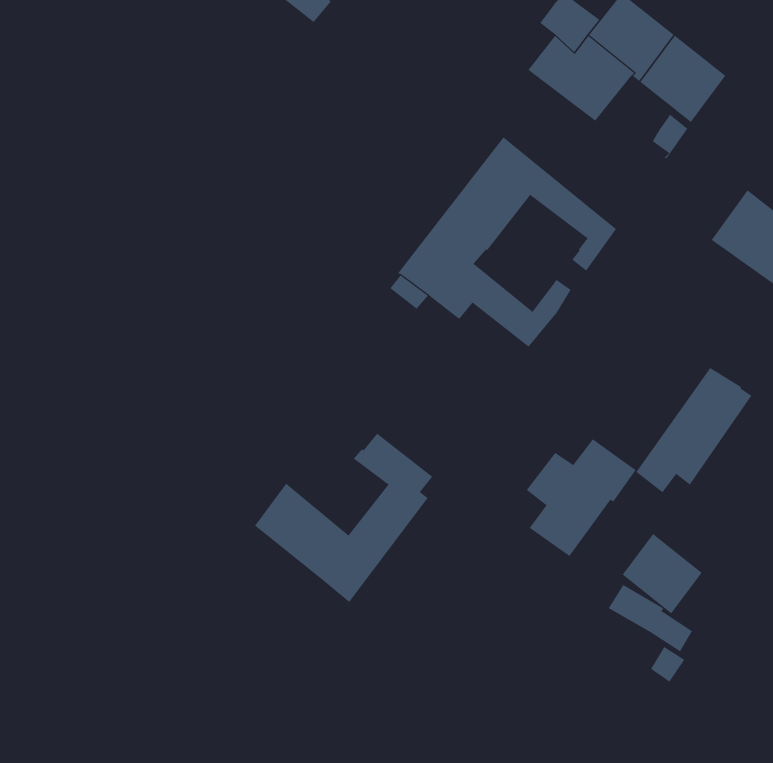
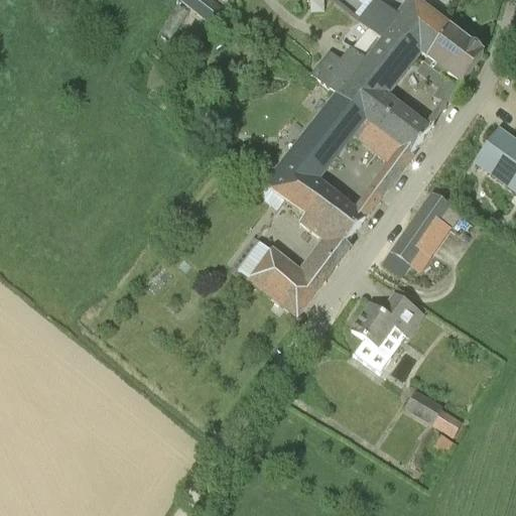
building: none -> [315,46,431,152]
building: [635,367,752,493] -> [383,189,461,273]
building: [254,433,433,603] -> [234,202,353,314]
building: [622,533,703,614] -> none

